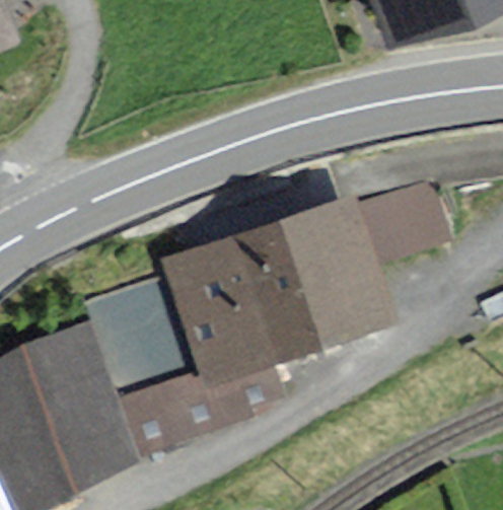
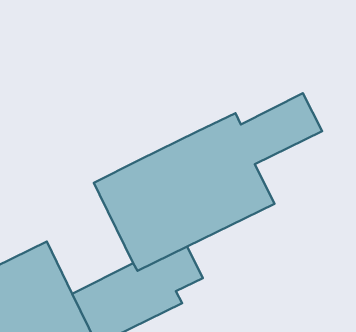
building: [68,283,181,403] -> none

